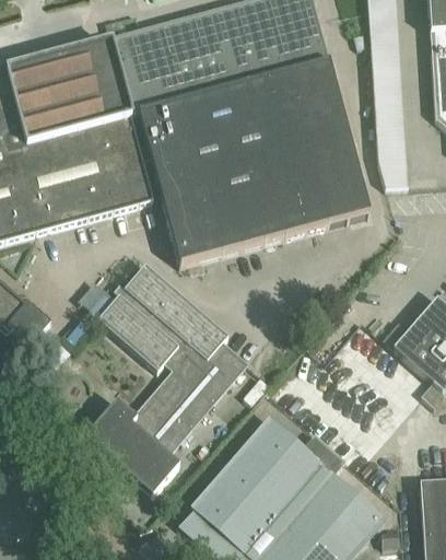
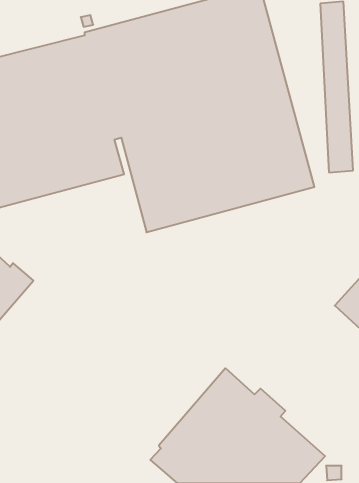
building: [85,262,246,493] -> none

